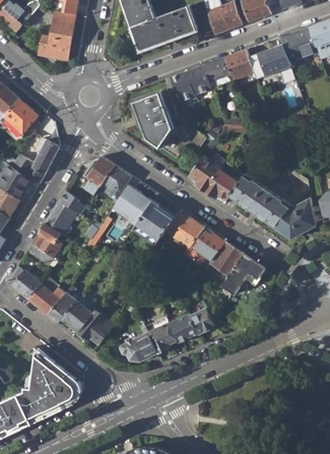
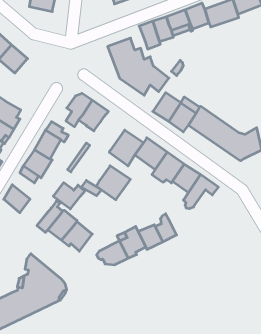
building: [10,128,59,184] -> none
building: [112,185,152,225] -> [96,166,130,200]
building: [27,283,65,315] -> [53,183,85,209]

